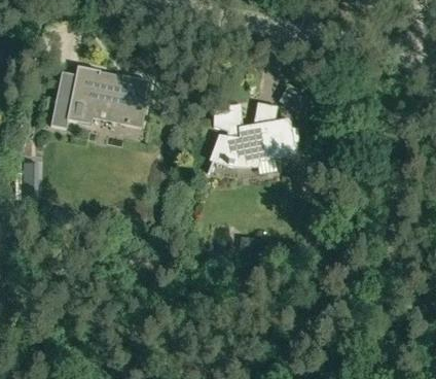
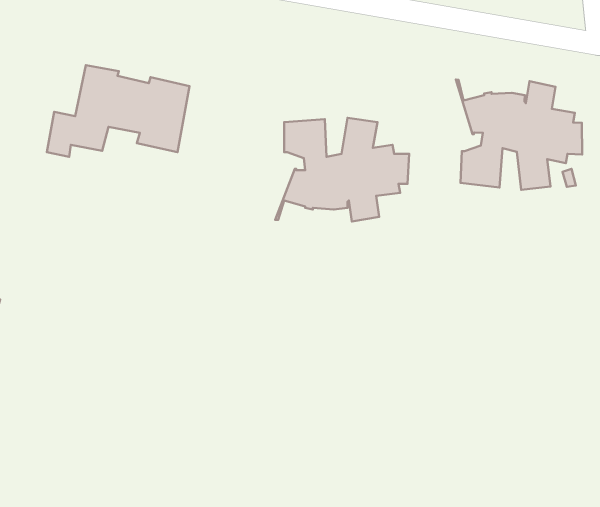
building: none -> [456,80,582,190]

